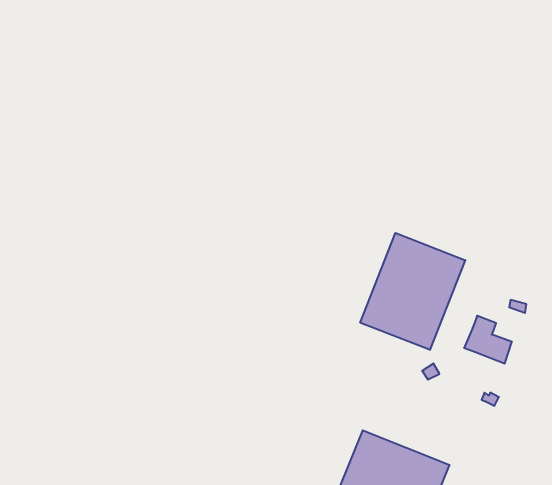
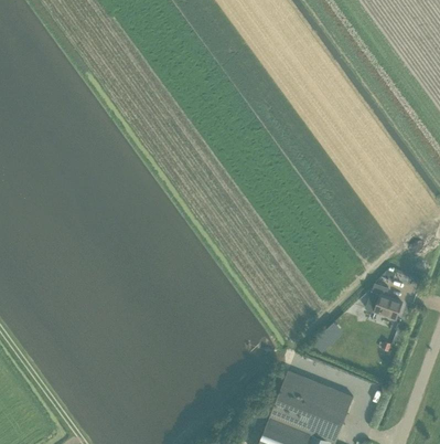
building: [360,233,465,350] -> none

